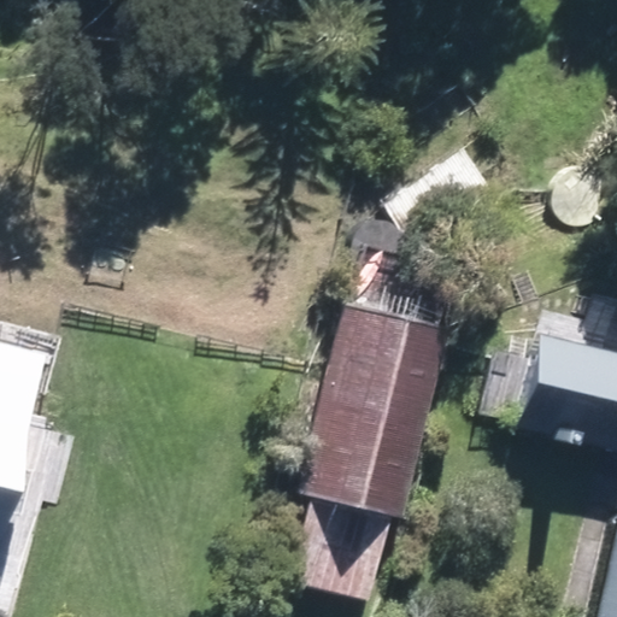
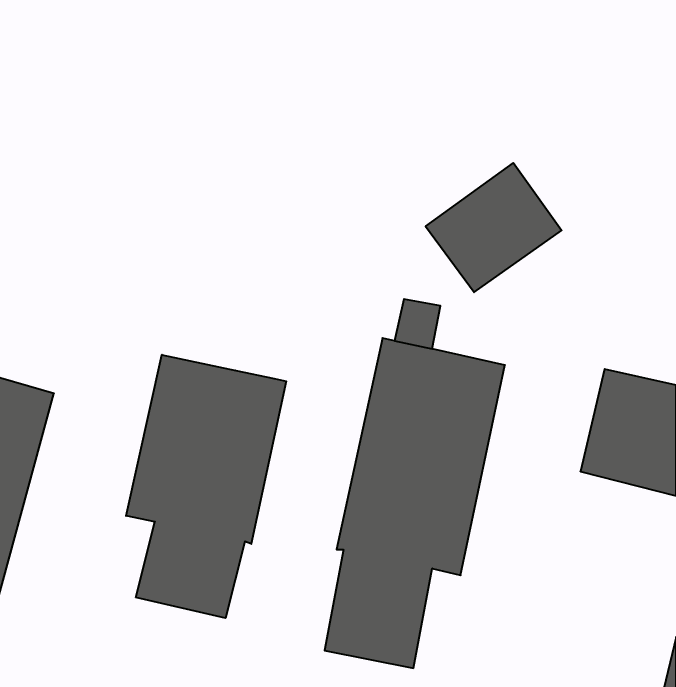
building: none -> [126,355,286,618]

